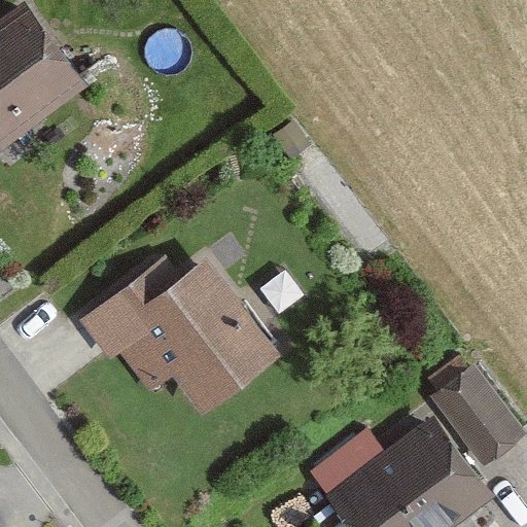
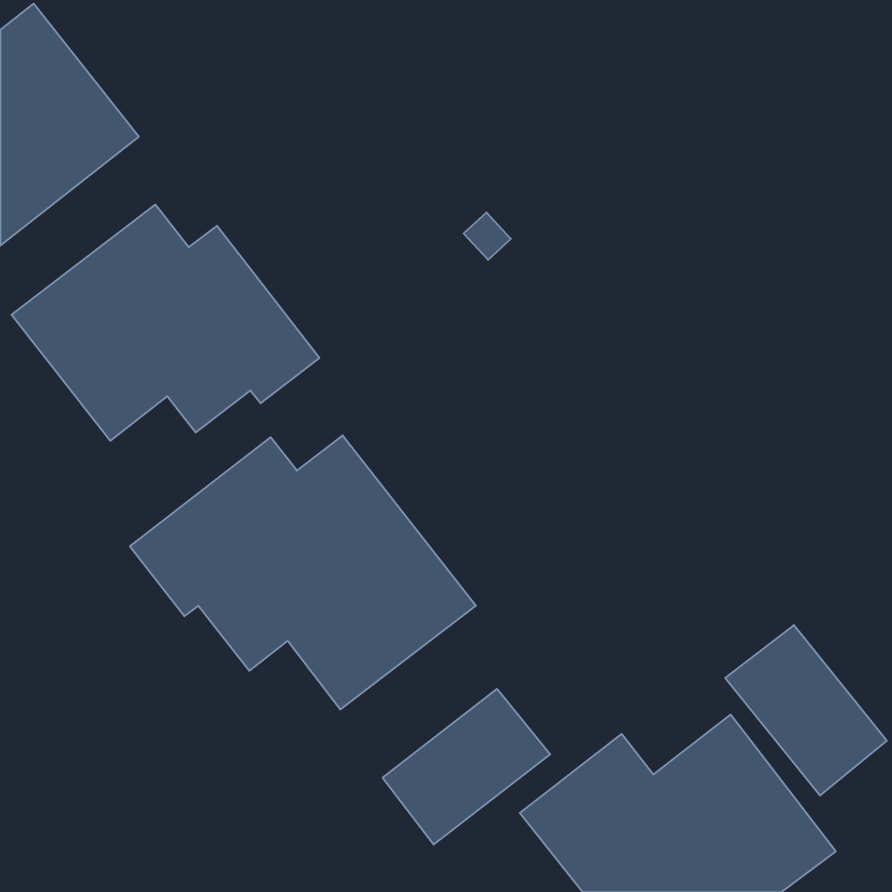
building: none -> [12,205,319,441]
building: none -> [383,689,550,845]

